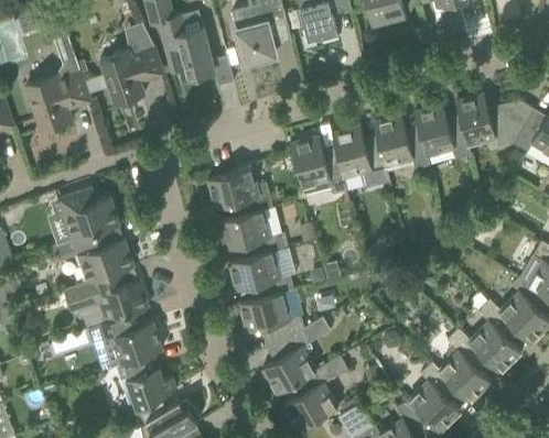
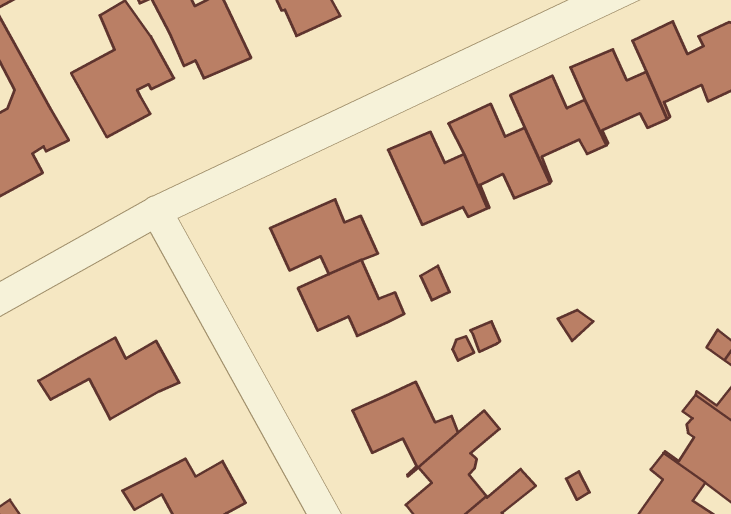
building: [58,188,119,241] -> none
building: [229,252,293,298] -> none
building: [62,271,148,324] -> none

